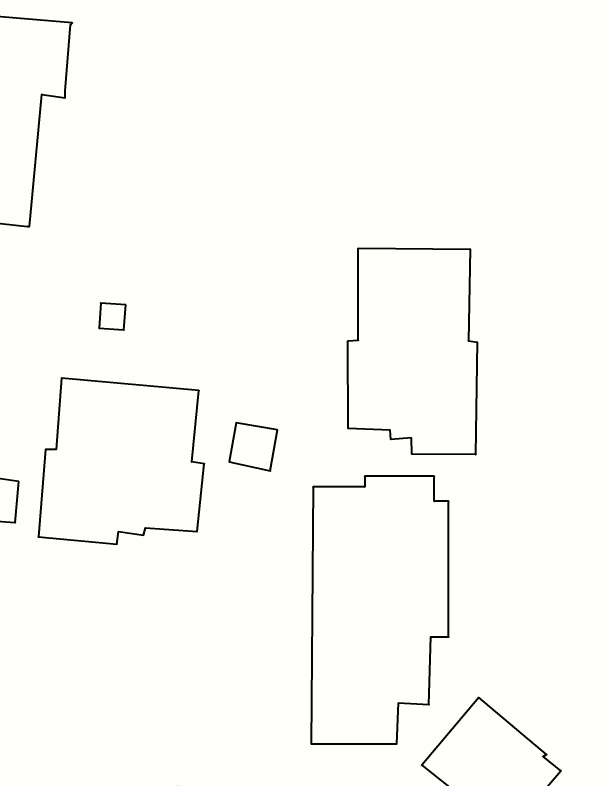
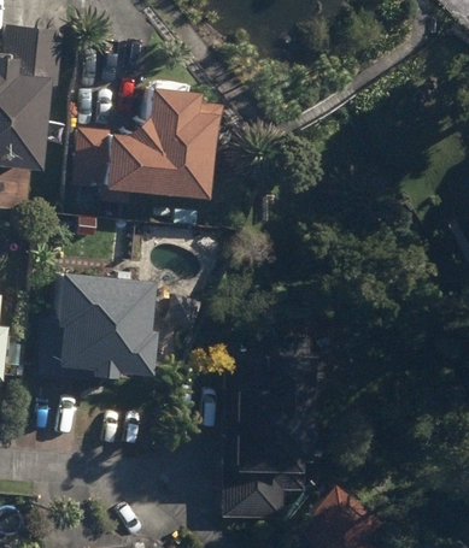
building: none -> [78,83,227,206]
building: [348,248,477,455] -> none

